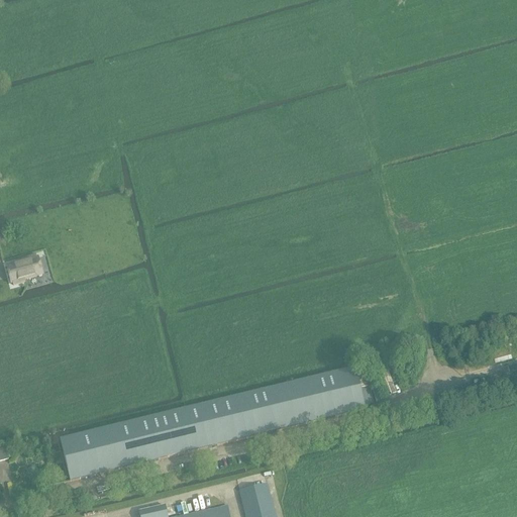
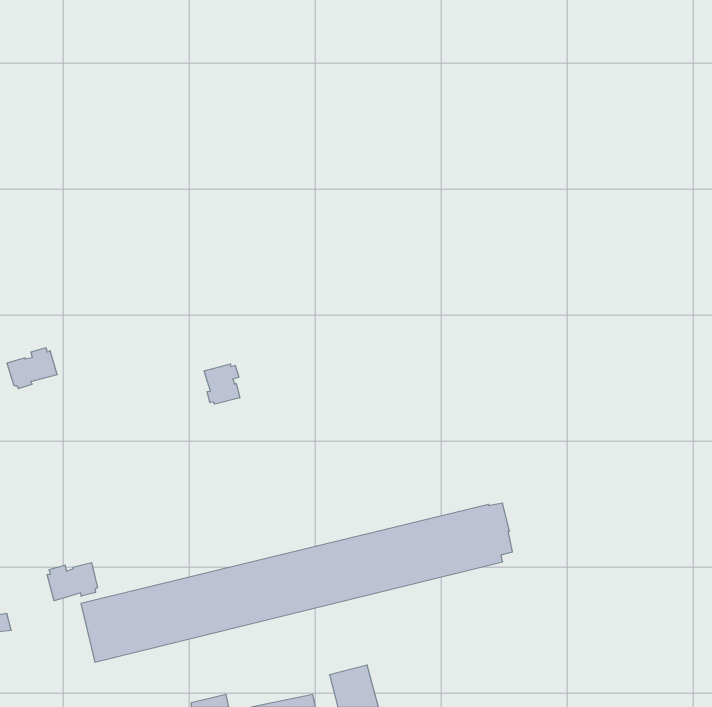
building: none -> [204,364,240,404]
building: none -> [47,563,98,601]

